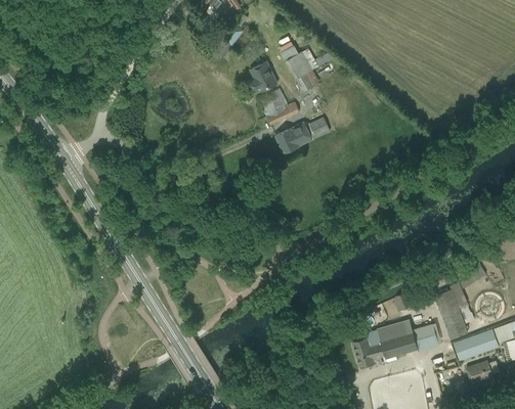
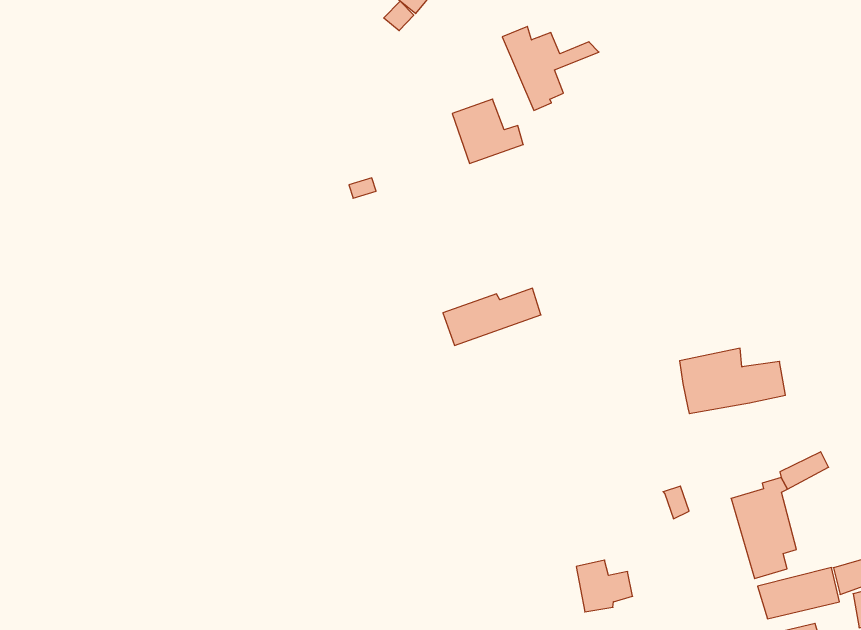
building: [249,61,277,93] -> none
building: [275,117,330,152] -> [443,288,541,345]
building: [377,319,437,358] -> [680,348,785,414]

